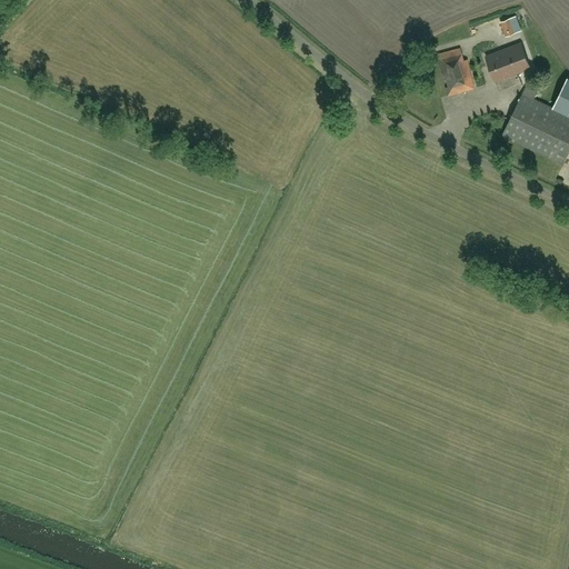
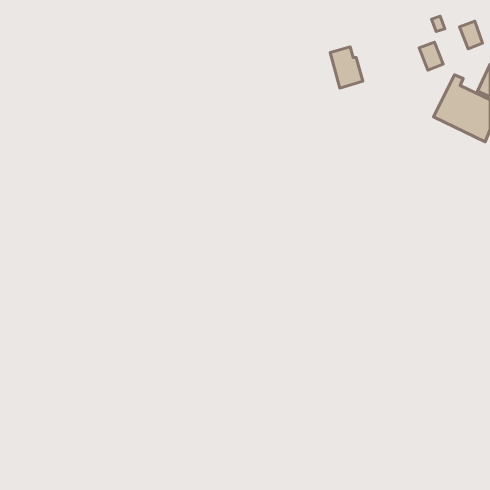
building: [503,42,530,74] -> [460,21,483,49]
building: [437,48,475,96] -> [330,47,363,88]

